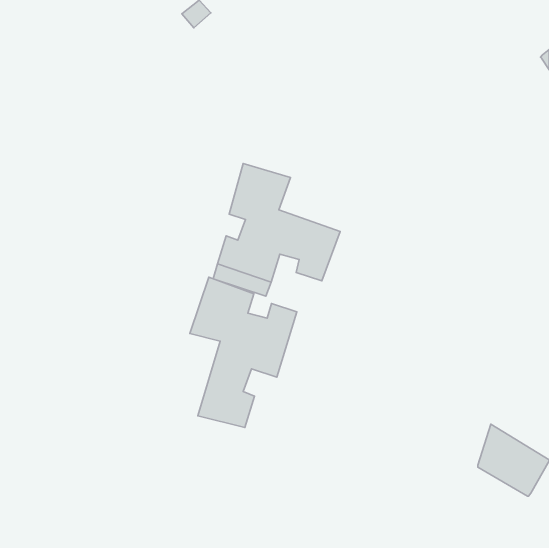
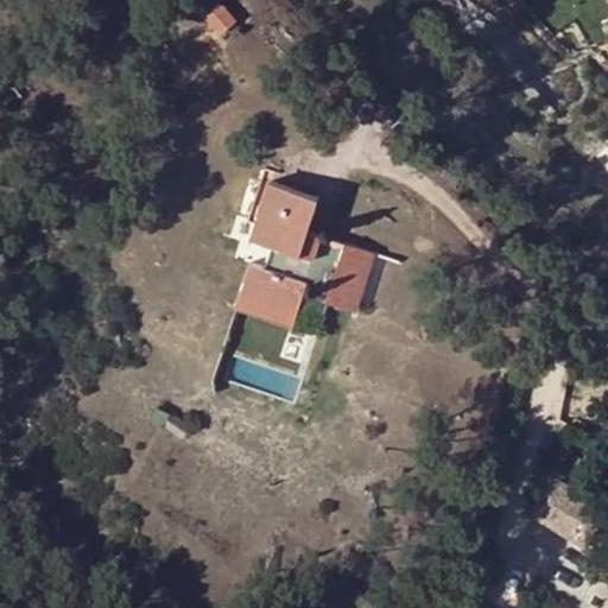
building: [190,277,297,427] -> none

